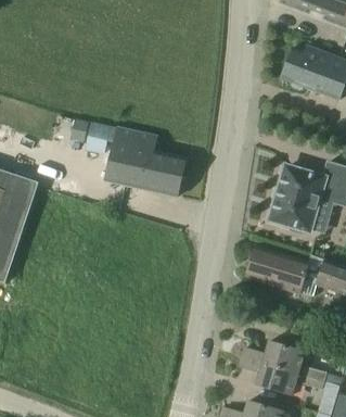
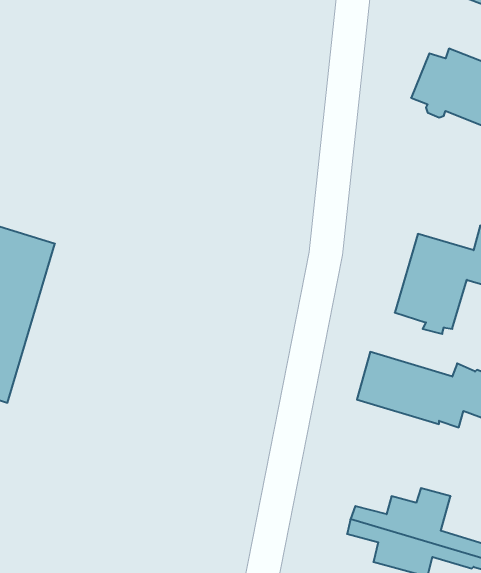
building: [84,123,184,198] -> none

